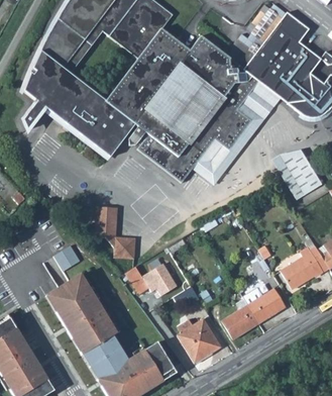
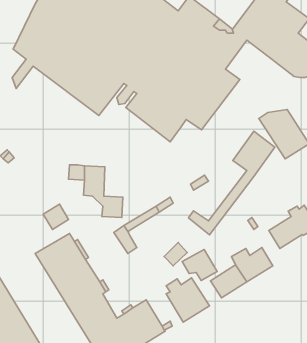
building: [193,81,280,185] -> [188,131,275,235]
building: [141,265,177,296] -> [182,249,217,281]

